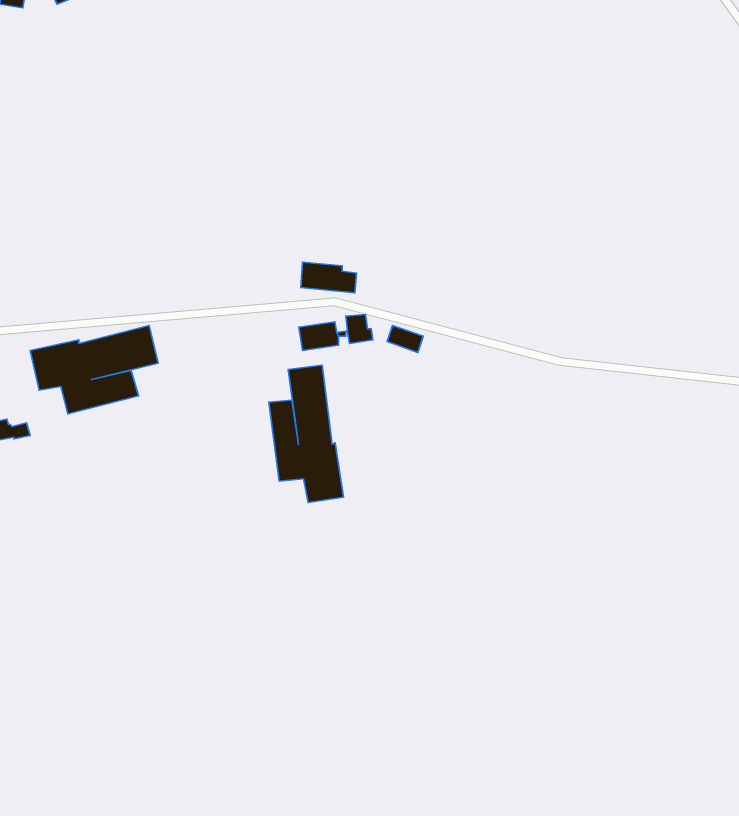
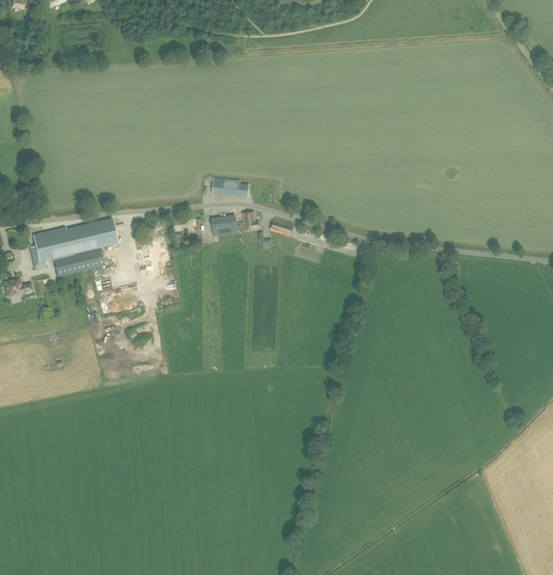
building: [269,365,344,502] -> none

